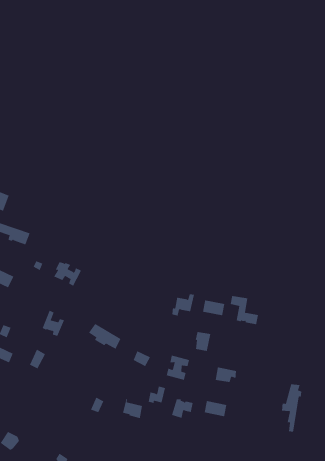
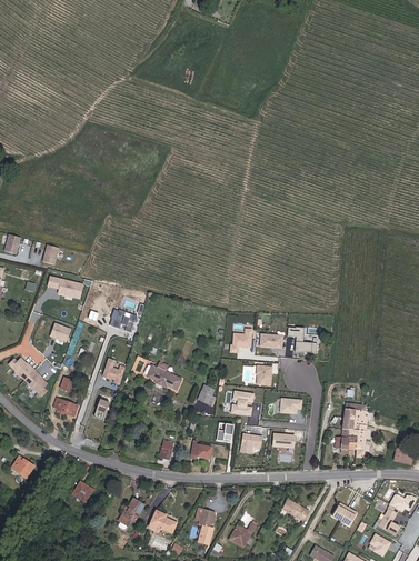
building: none -> [335,403,366,448]

